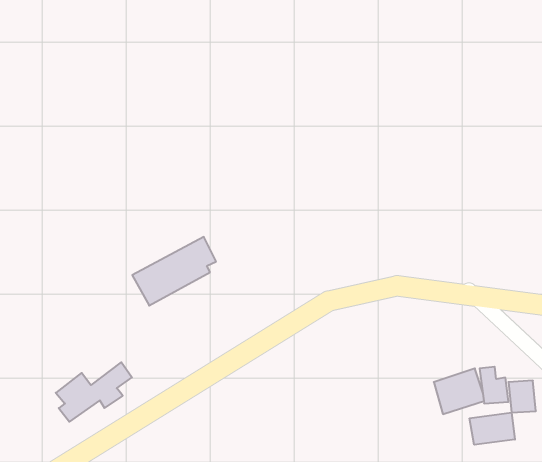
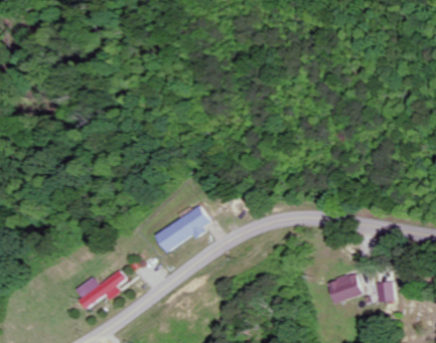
building: [132,237,216,306] -> [154,207,209,252]
building: [470,413,515,445] -> none

